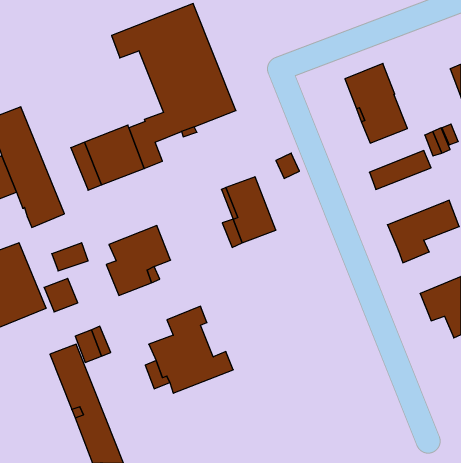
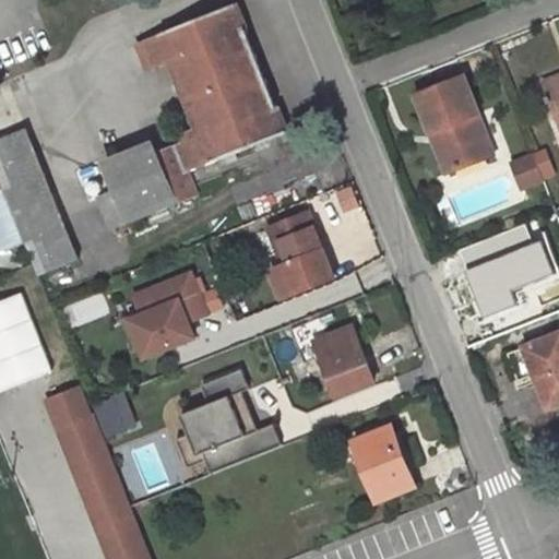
building: [369,151,431,189] -> [459,224,533,271]
building: none -> [287,317,372,396]
building: [44,278,78,312] -> [48,386,88,427]
building: none -> [352,426,414,501]

